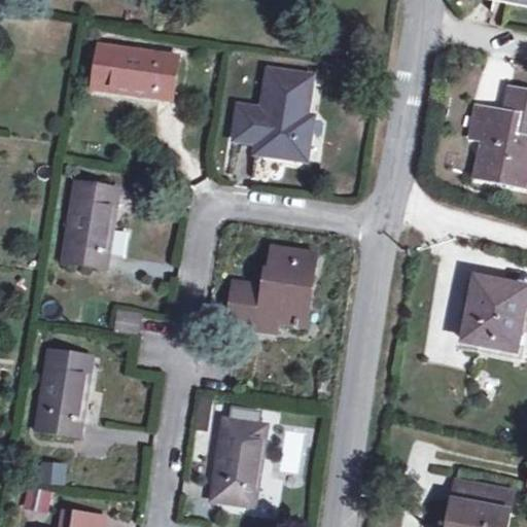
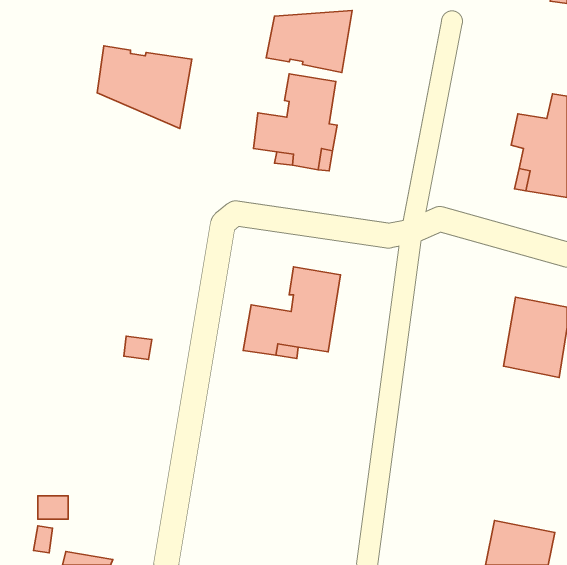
building: none -> [266,11,352,72]
building: [62,180,117,267] -> none
building: [35,348,90,434] -> none
building: [209,418,266,505] -> none

